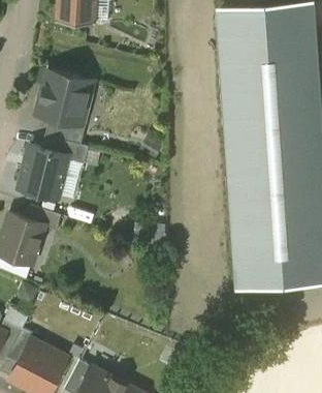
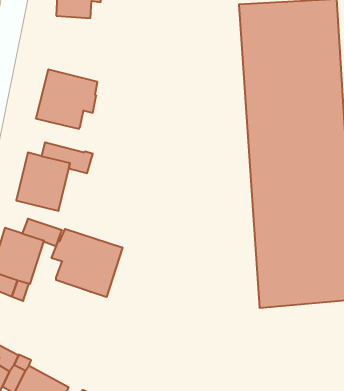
building: [44,118,86,146] -> none
building: none -> [52,229,122,297]

